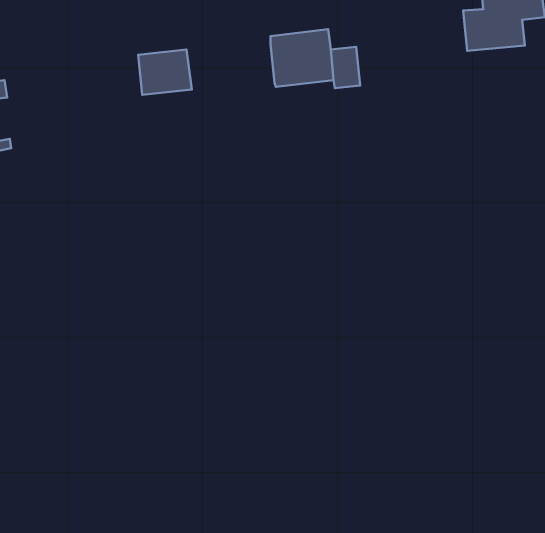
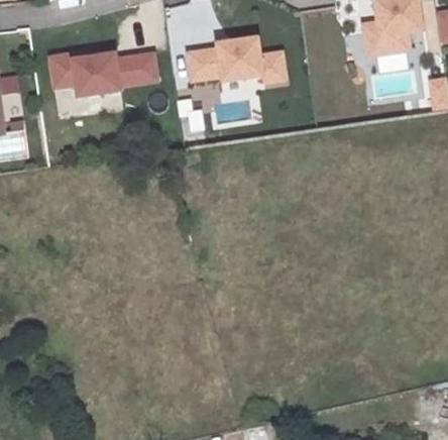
building: none -> [187,50,221,83]
building: none -> [50,54,122,98]

